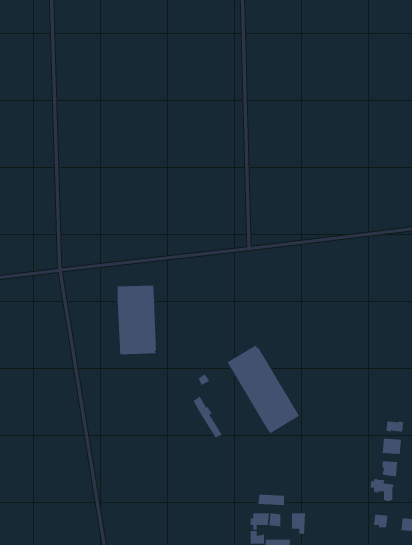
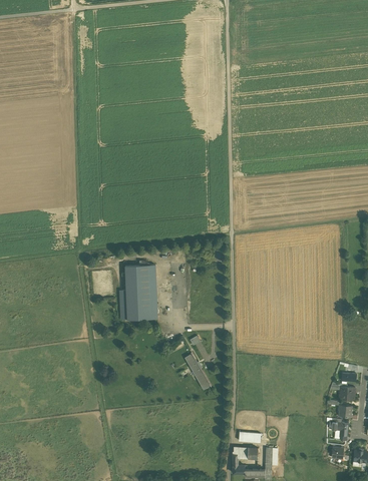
building: [227,344,300,434] -> none

